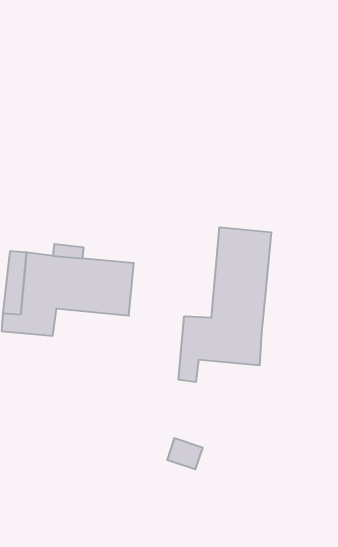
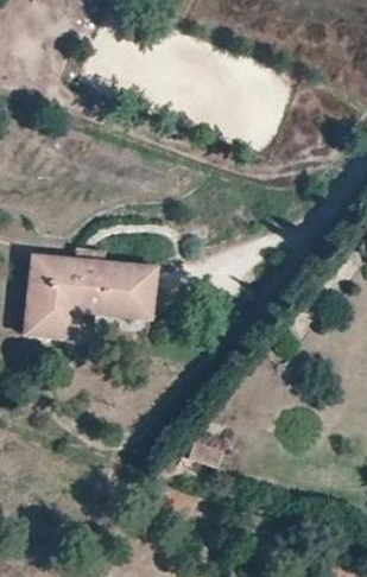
building: [178,227,271,382] -> none

